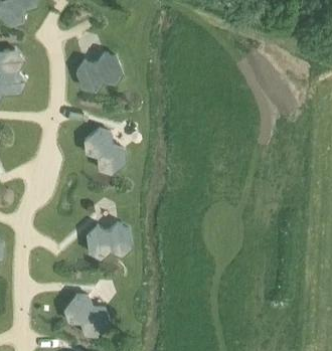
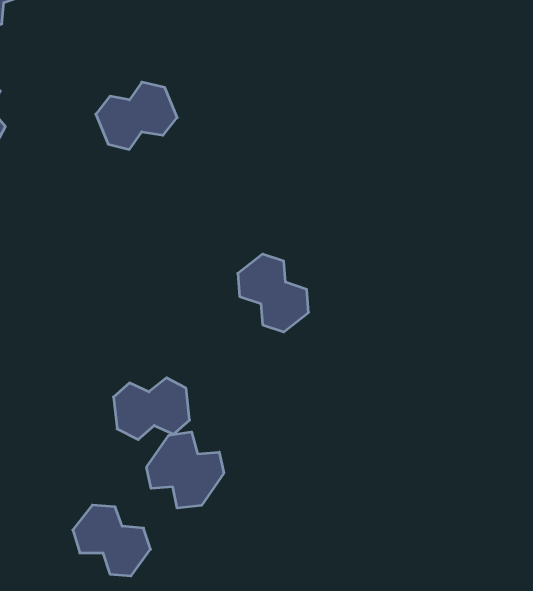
building: [85,128,125,172] -> [238,254,309,332]
building: none -> [147,432,224,508]

